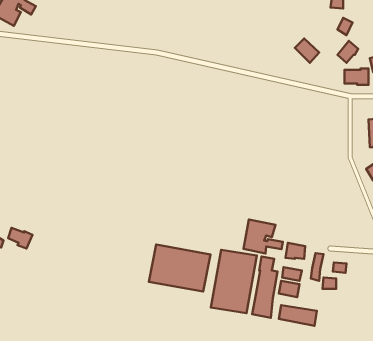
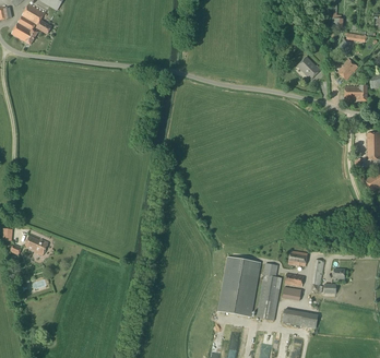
building: [244,219,283,253] -> none
building: [149,245,210,292] -> none

